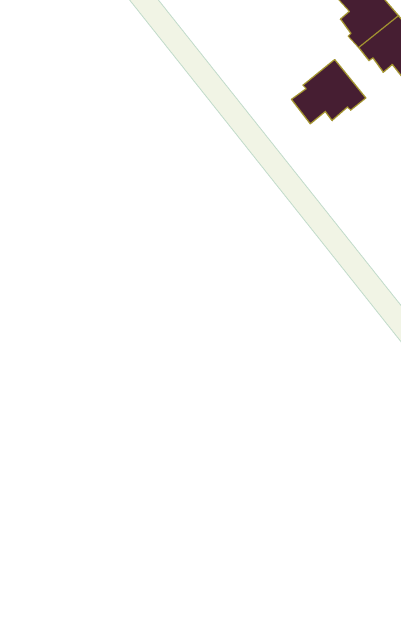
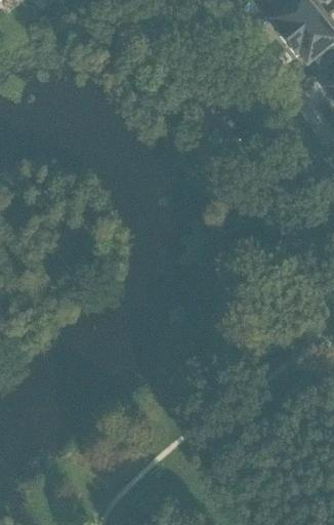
building: [292,60,366,124] -> none

